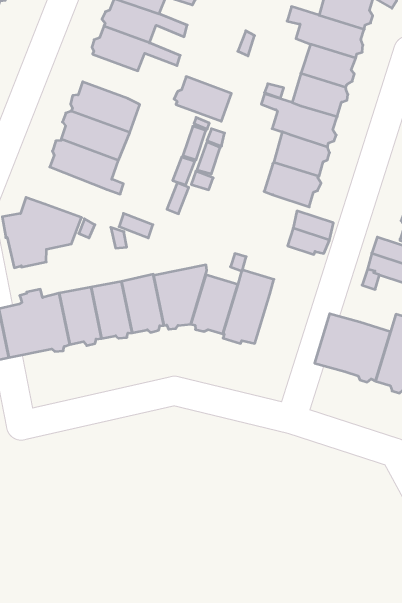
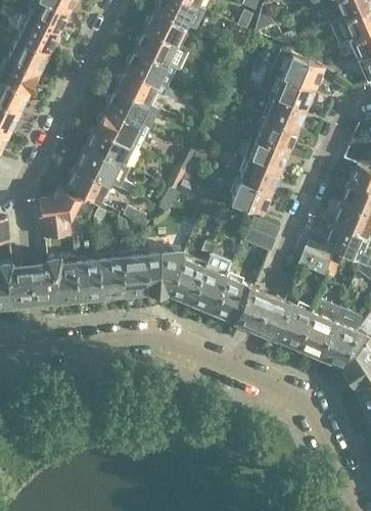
building: [174,77,231,121] -> [105,91,147,126]
building: none -> [66,170,108,205]
building: none -> [213,277,269,330]

